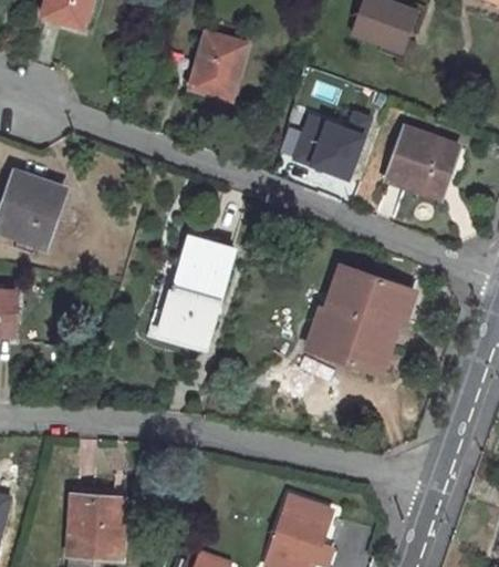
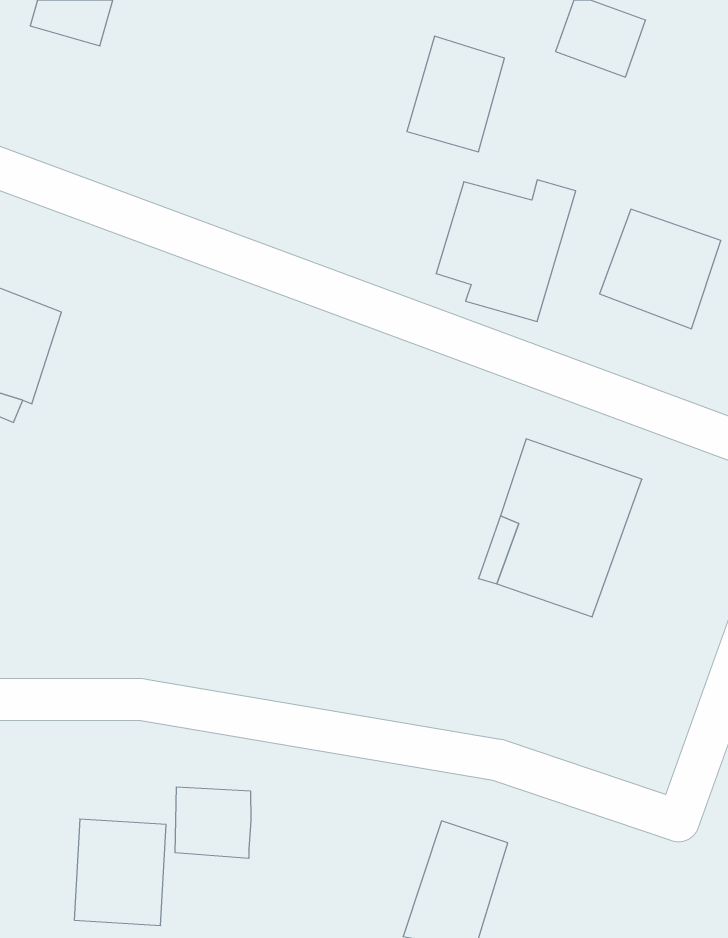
building: [189,31,248,101] -> [407,36,504,152]
building: [160,237,235,346] -> none
building: none -> [175,787,251,858]

